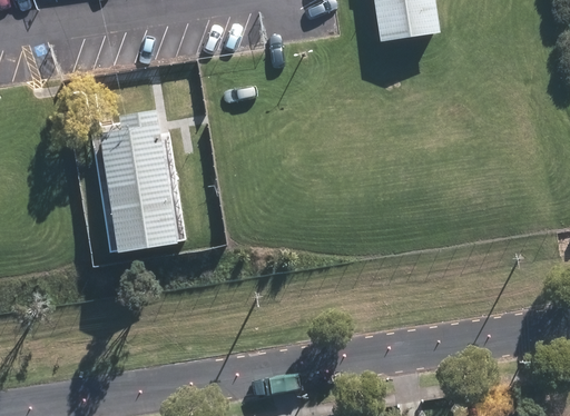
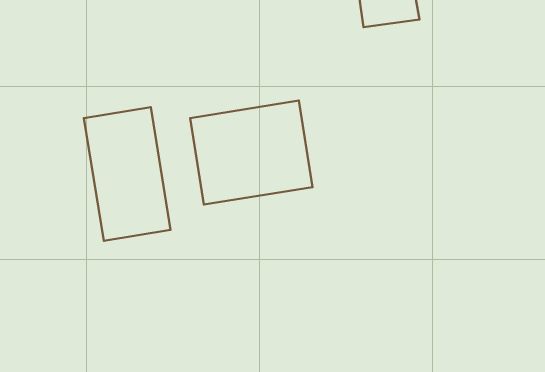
building: none -> [190,101,312,205]

